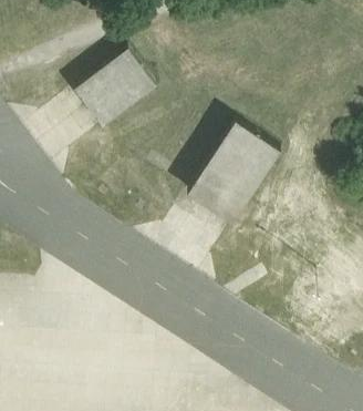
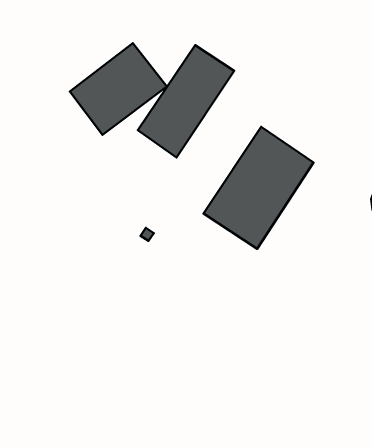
building: none -> [138,45,234,157]

